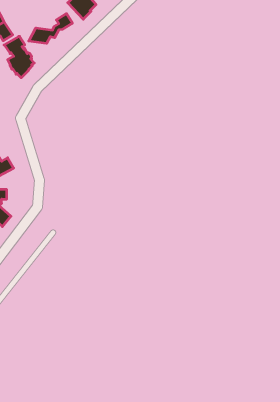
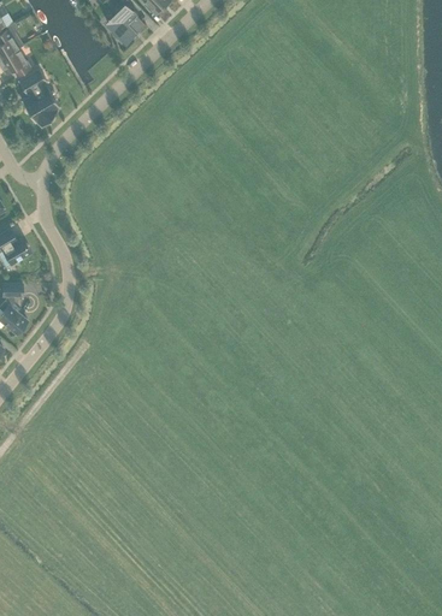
building: [29,14,72,43] -> none

